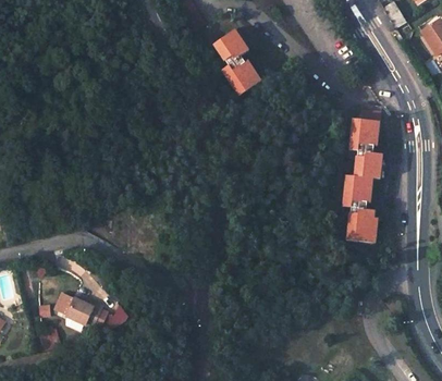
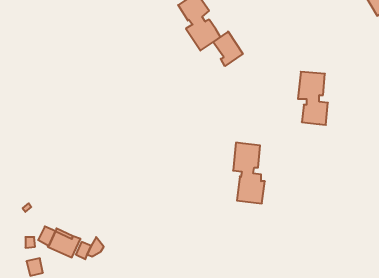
building: none -> [213,31,243,66]
building: [341,174,377,243] -> [233,143,265,203]

